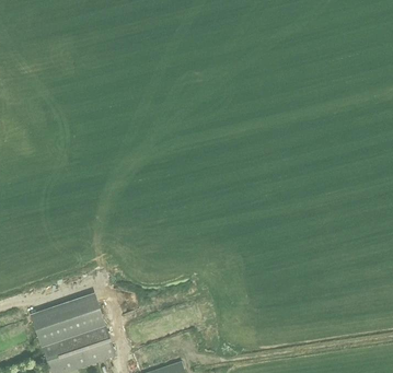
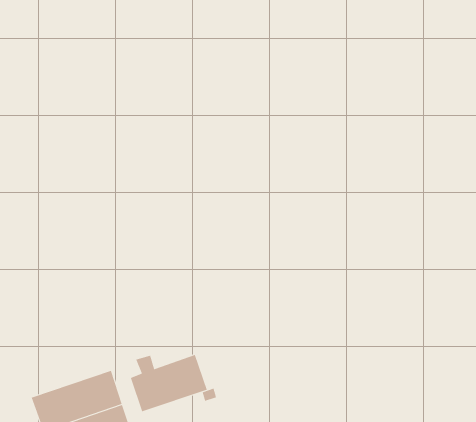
building: none -> [130,354,208,412]

